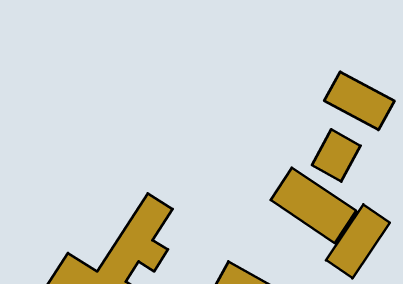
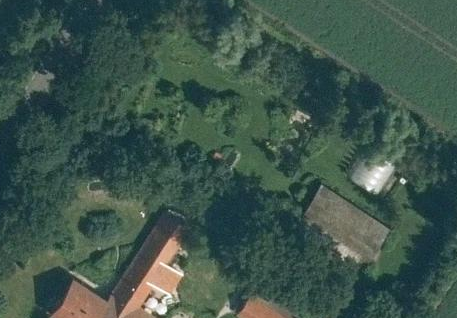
building: [324,72,394,130] -> none
building: [326,204,390,278] -> none

